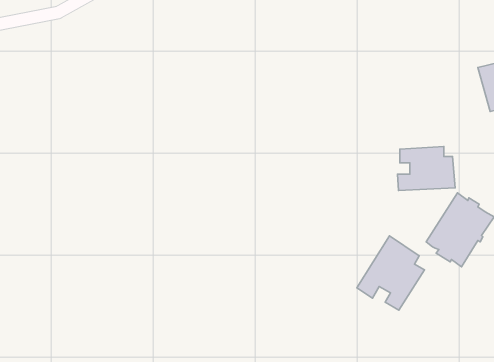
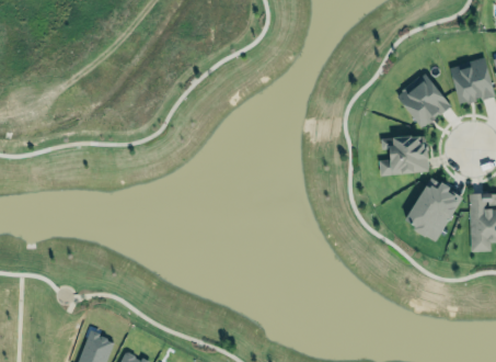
building: none -> [395,72,450,128]
building: [357,236,425,310] -> none

